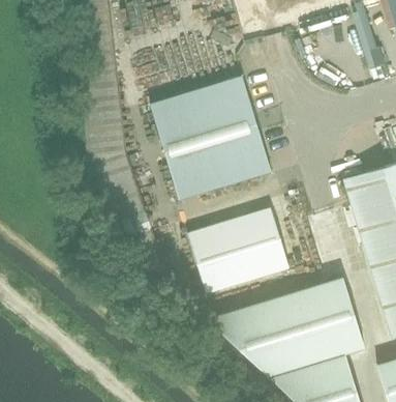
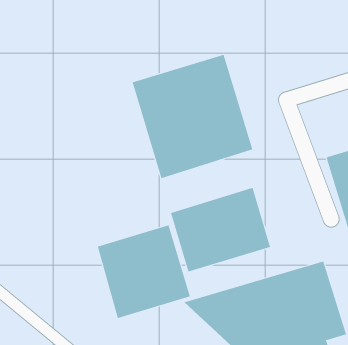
building: none -> [97,225,190,319]

